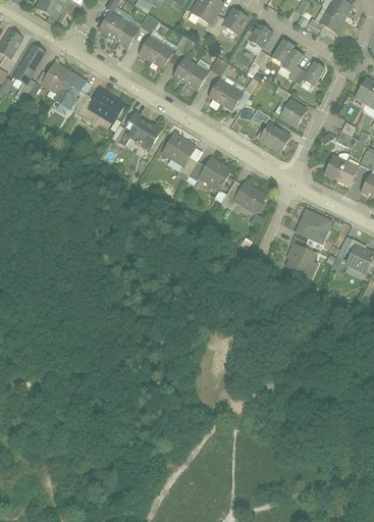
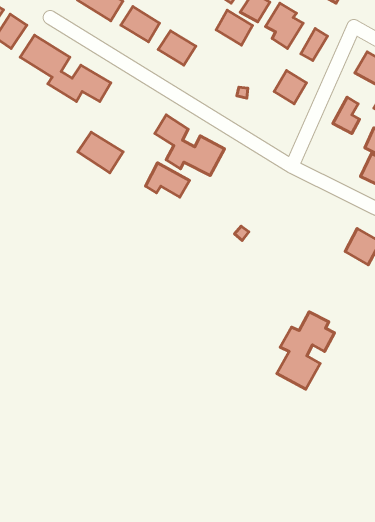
building: [206,77,239,110] -> [216,10,253,45]
building: [123,109,165,147] -> [78,132,123,173]
building: [257,116,292,151] -> none
building: [319,152,358,186] -> none
building: [222,180,263,212] -> [145,163,190,197]
building: [278,206,331,277] -> [277,312,334,389]

